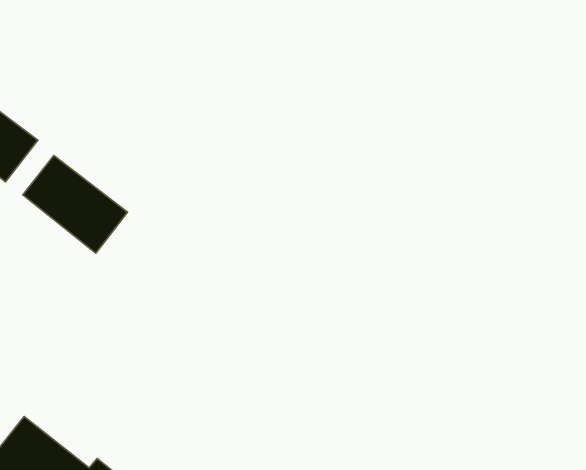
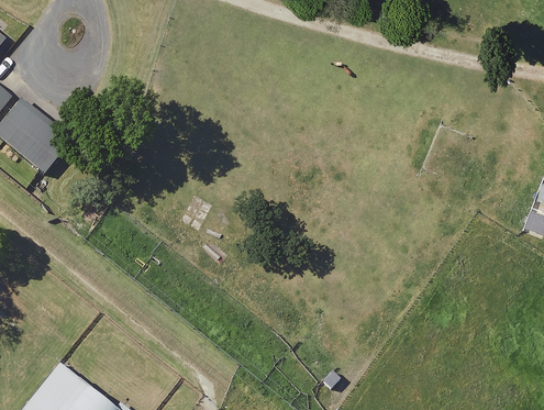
building: [23,155,128,253] -> none

